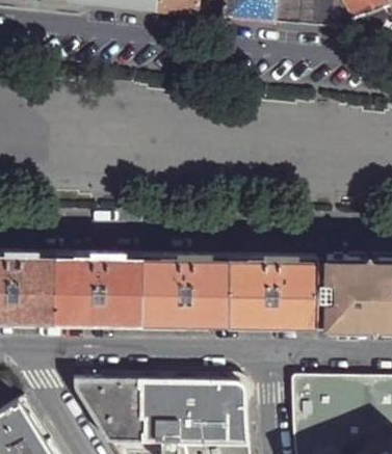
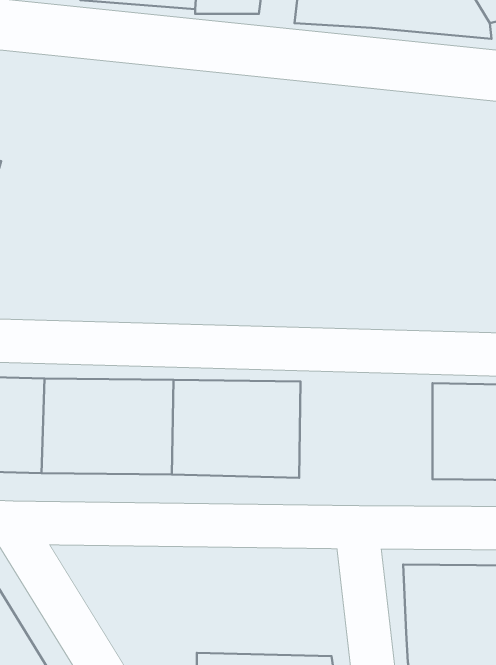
building: [226,260,315,325] -> none
building: [73,378,247,444] -> none

